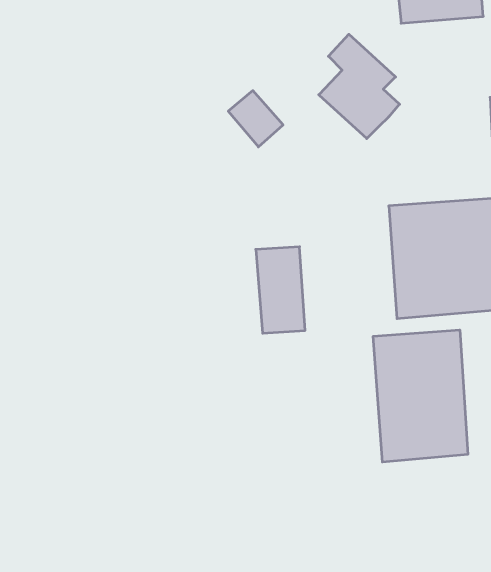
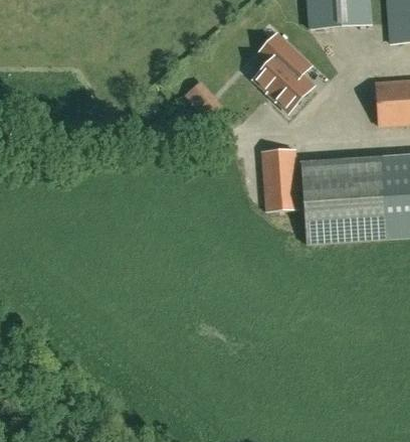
building: [256,247,305,333] -> [262,147,298,210]
building: [373,330,468,462] -> none

